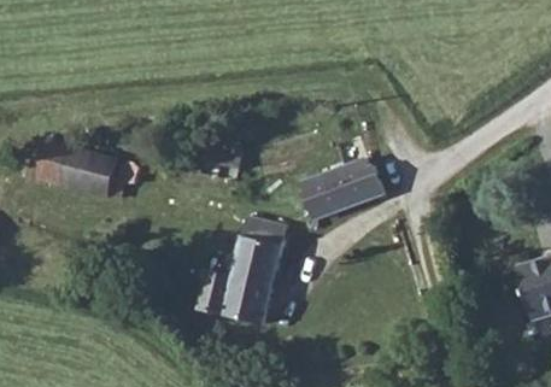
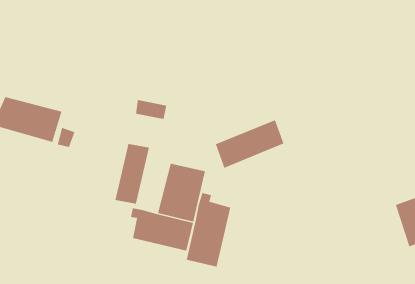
building: none -> [115,143,150,204]
building: none -> [186,192,231,267]

